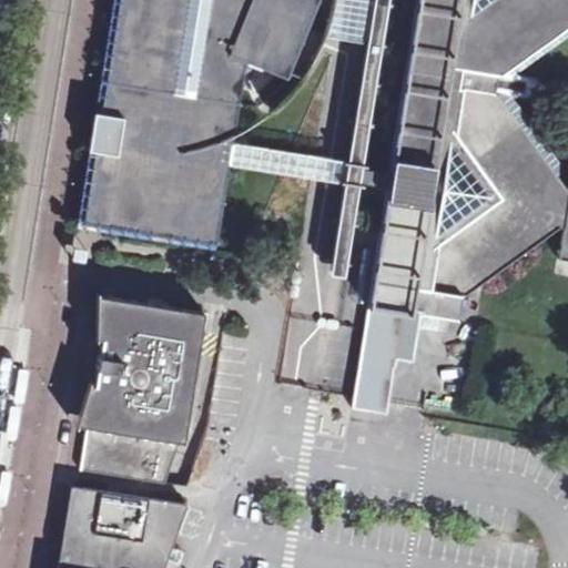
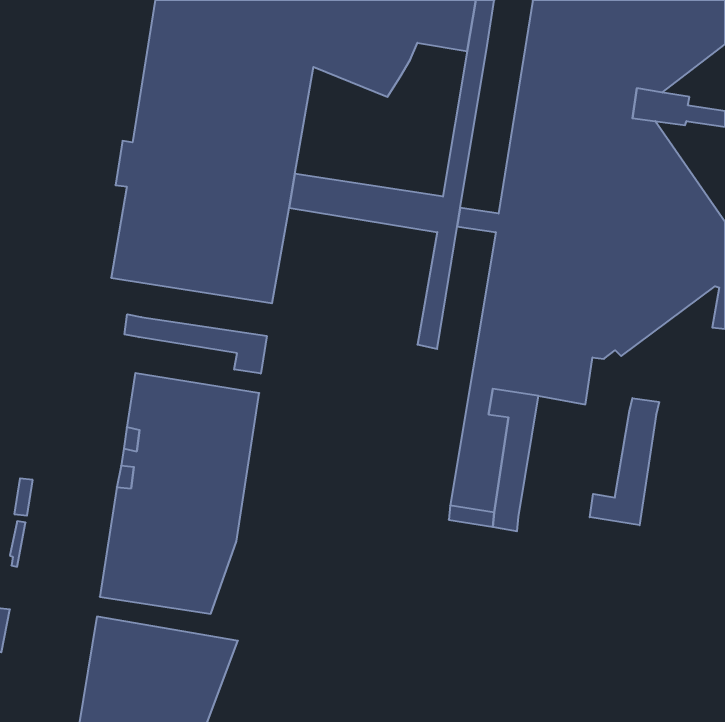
building: none -> [125,314,267,374]
building: none -> [590,398,659,525]

